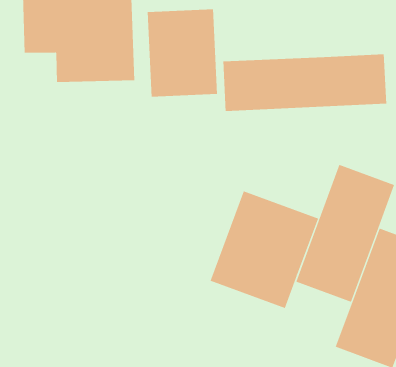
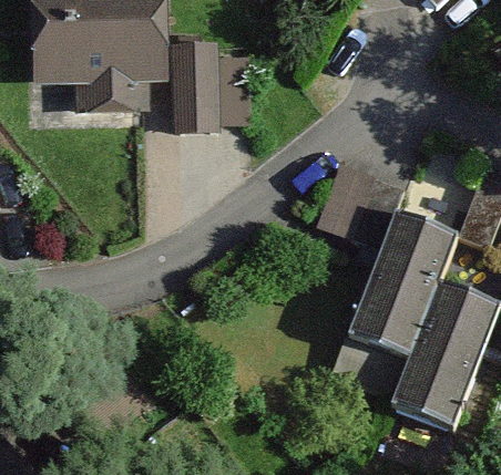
building: [223,54,387,112] -> none
building: [210,190,319,309] -> none

